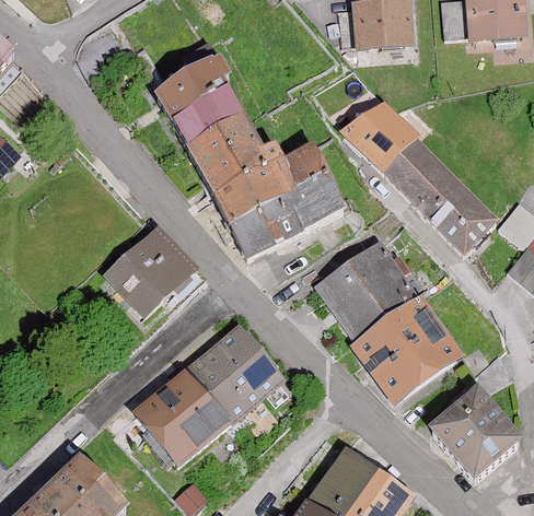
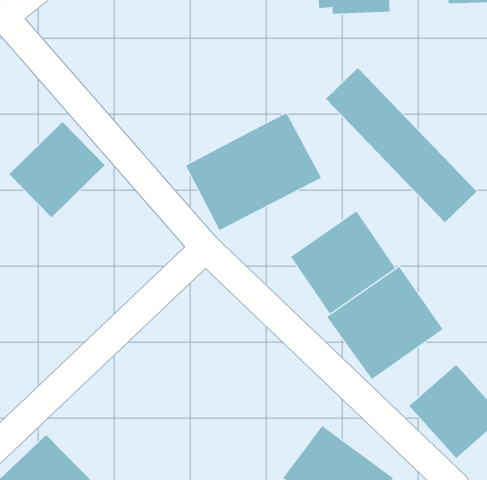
building: [158,60,281,196] -> none
building: [103,225,197,319] -> [8,121,106,218]
building: [131,322,285,465] -> none

